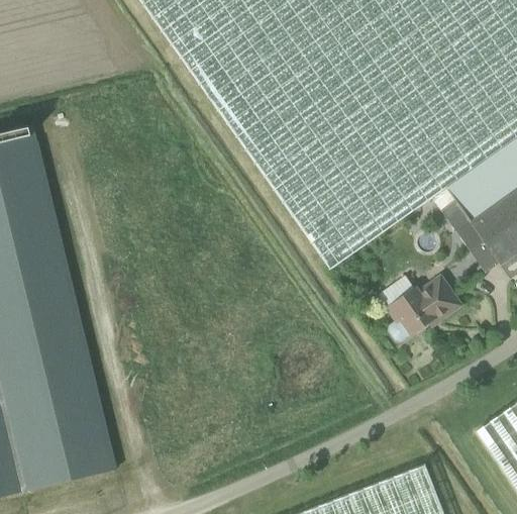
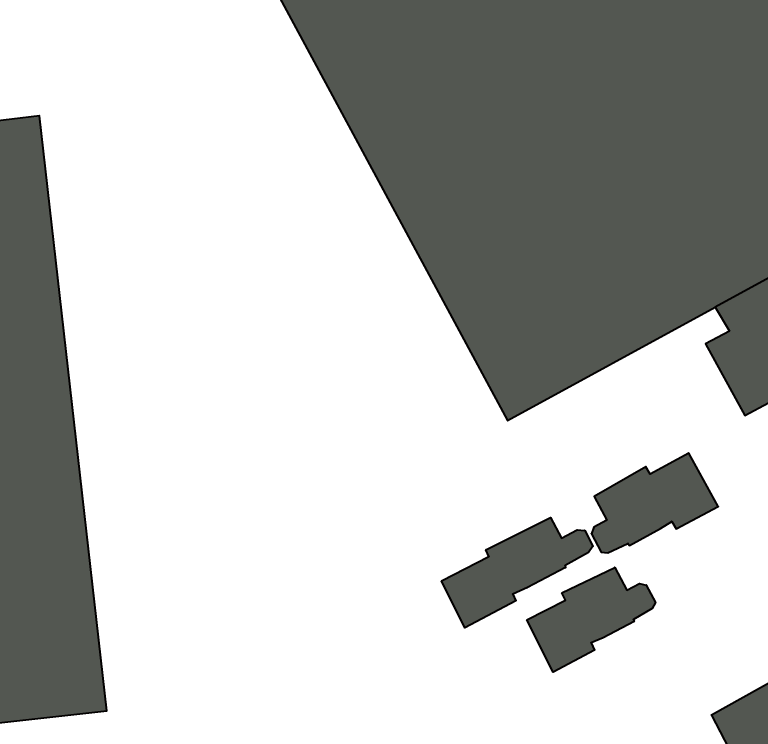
building: none -> [442,518,593,628]
building: none -> [527,567,655,672]

